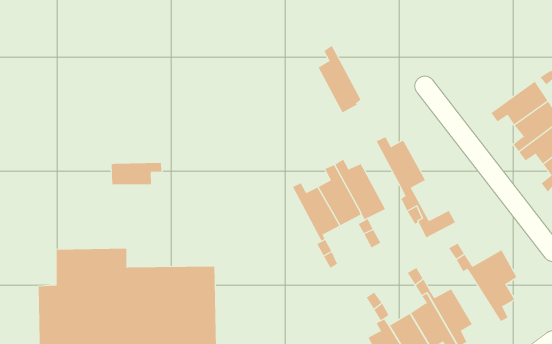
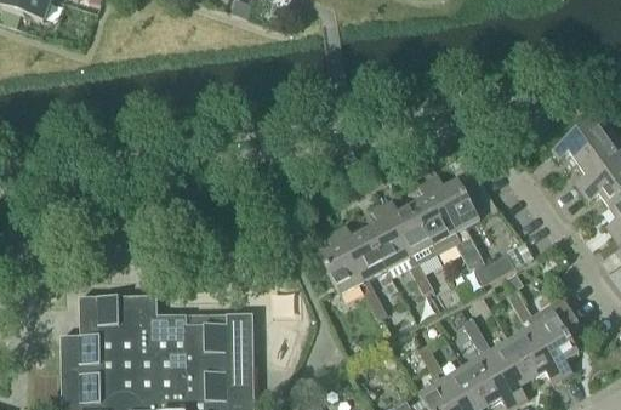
building: [318,45,361,113] -> [411,178,458,252]
building: [111,162,162,185] -> none
building: none -> [318,228,365,296]
building: none -> [509,325,563,381]

